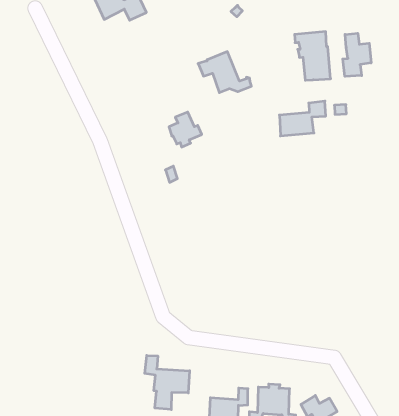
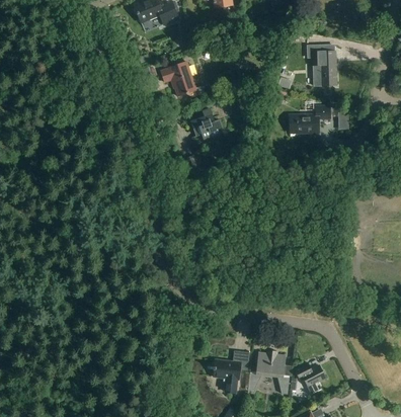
building: [343,33,371,76] -> none
building: [198,52,251,93] -> [160,62,206,97]
building: [145,355,190,410] -> none

